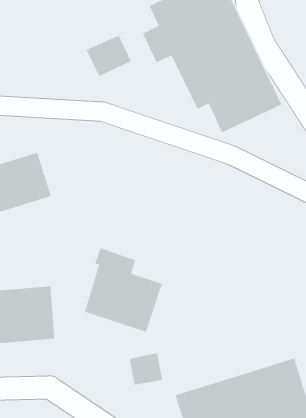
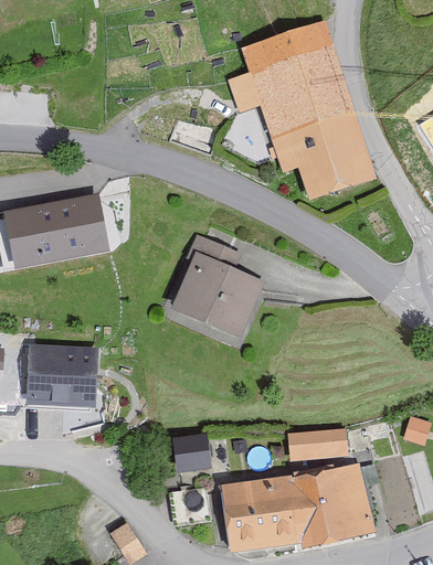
building: [86,35,132,77] -> none
building: [84,247,163,333] -> [172,235,264,337]
building: none -> [288,430,346,462]

